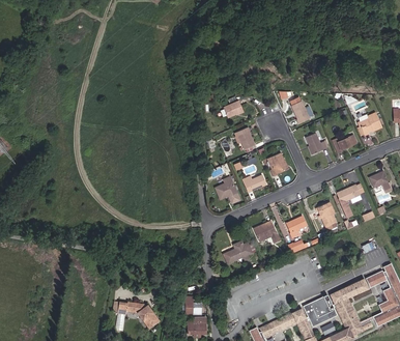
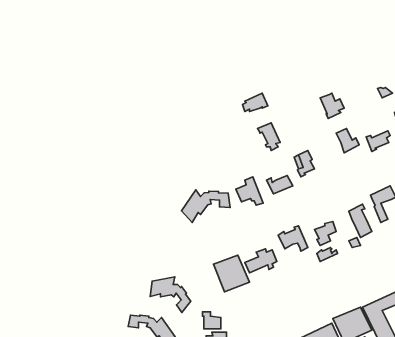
building: none -> [181,190,230,223]
building: none -> [213,255,250,292]
building: none -> [150,277,191,313]

